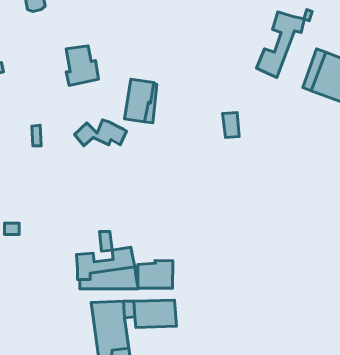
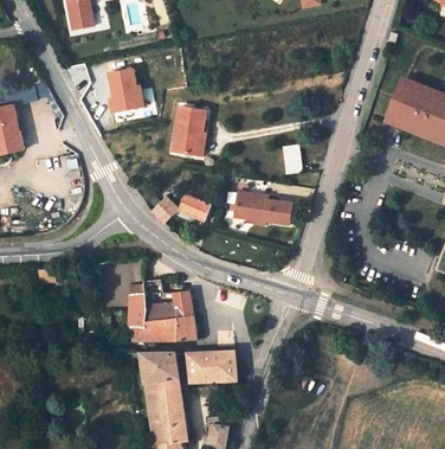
building: [257,12,304,78] -> none
building: [74,120,126,146] -> [150,195,209,225]
building: none -> [244,187,302,220]
building: [138,261,173,288] -> none

